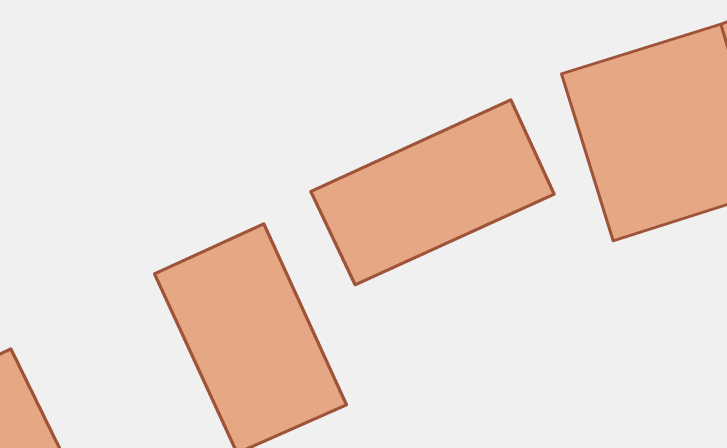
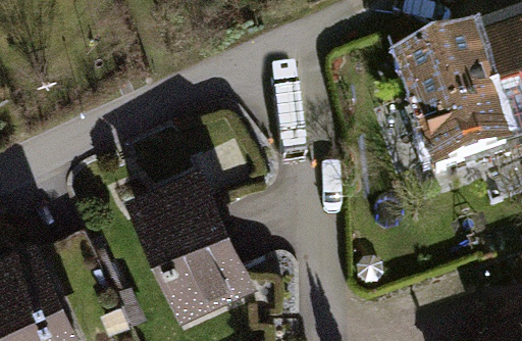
building: [311,100,554,285] -> none

